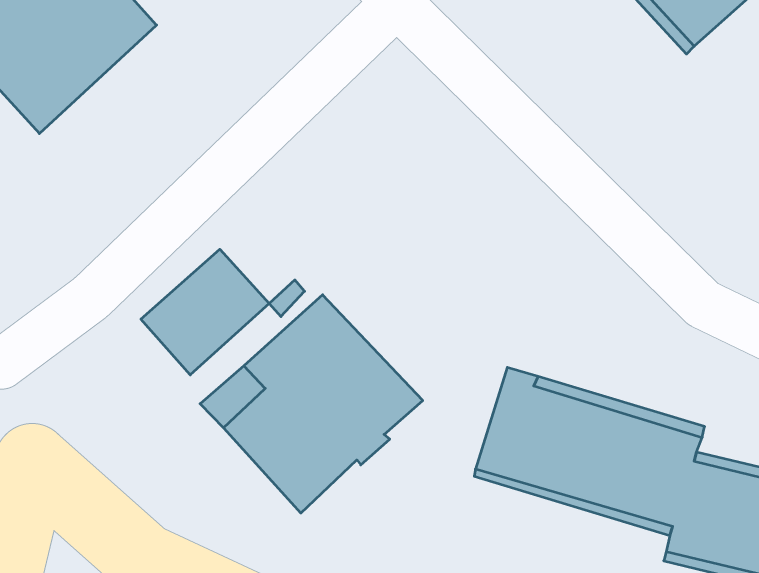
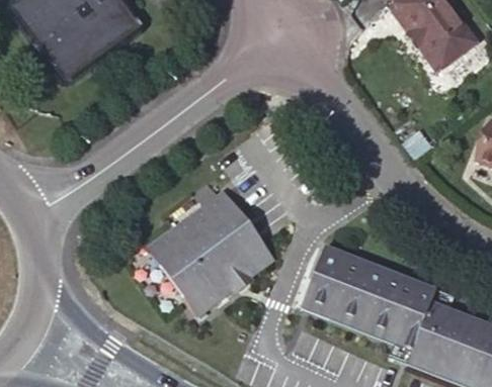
building: [141,249,269,375] -> none

